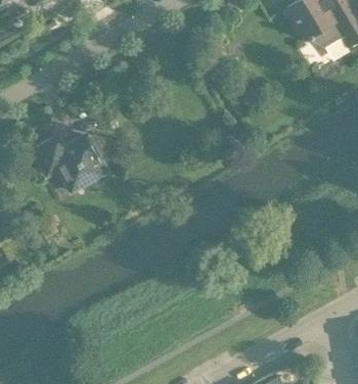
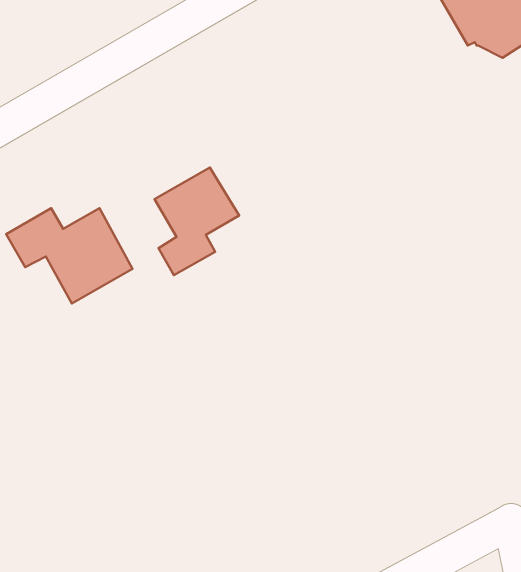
building: none -> [154,167,239,275]

